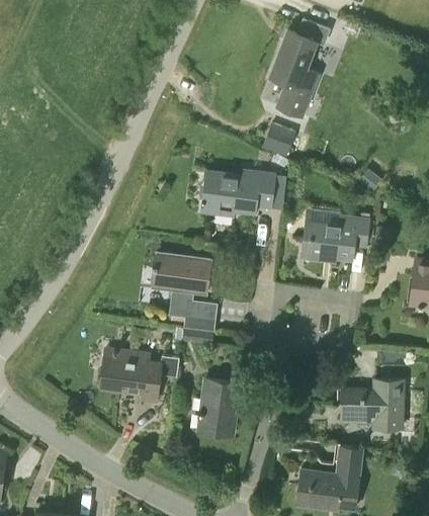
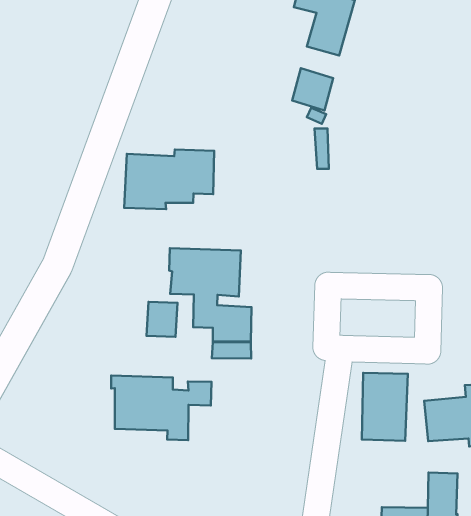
building: [201,171,275,217] -> [124,149,214,209]
building: [303,218,368,260] -> none
building: none -> [146,302,178,337]
building: [199,378,240,434] -> [362,373,408,441]

